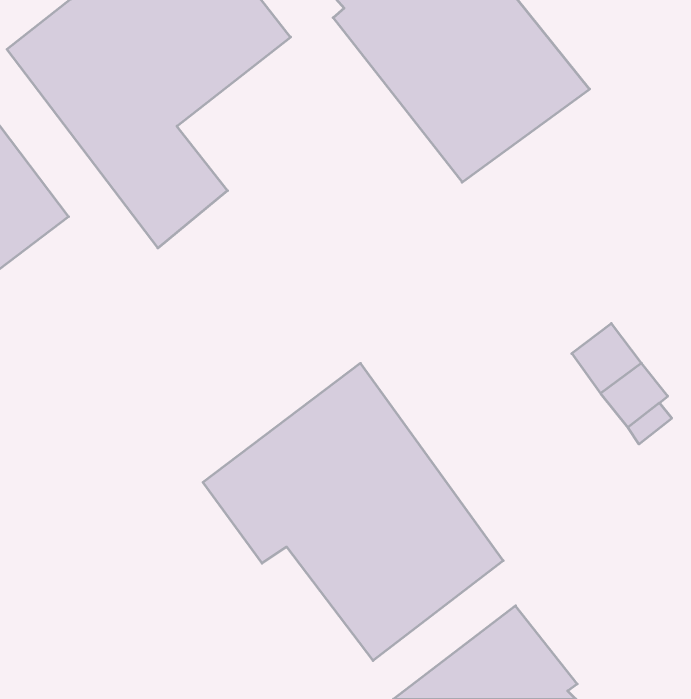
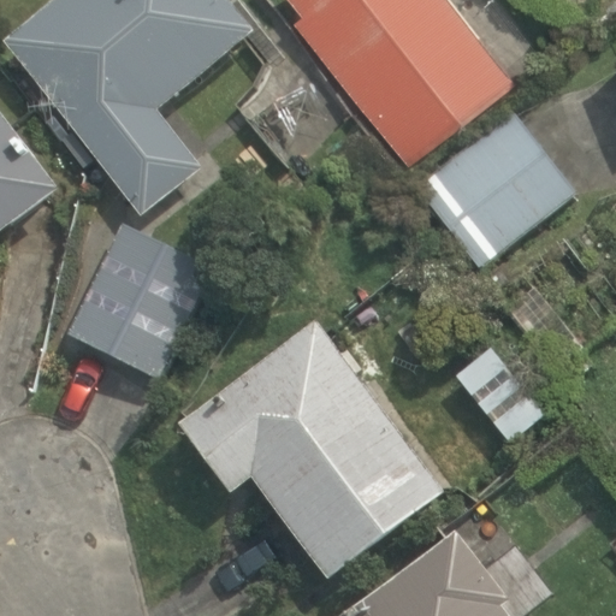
building: none -> [414,113,579,272]
building: none -> [66,224,212,381]

